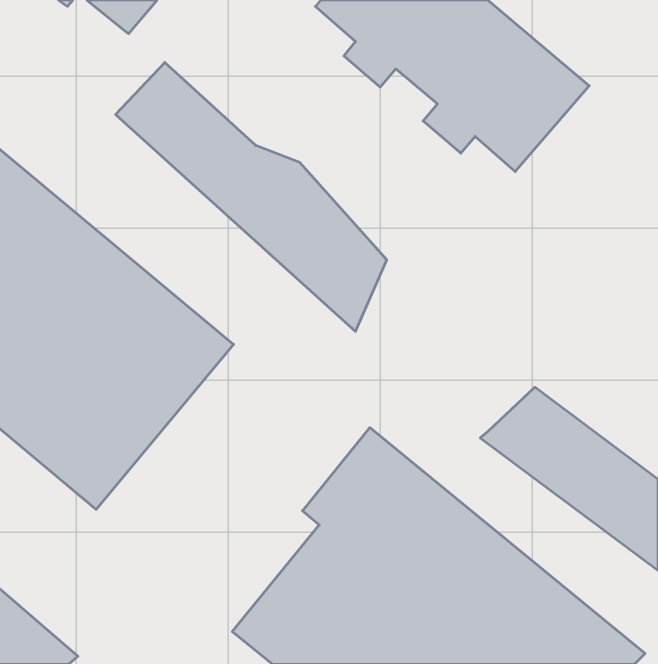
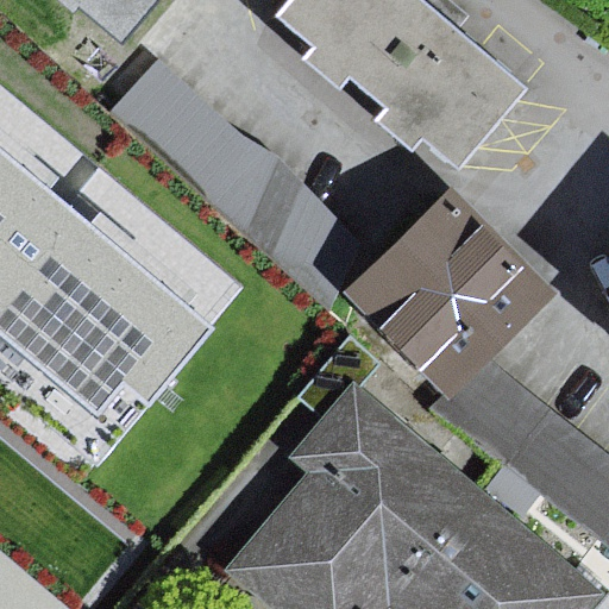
building: none -> [345,184,557,395]

